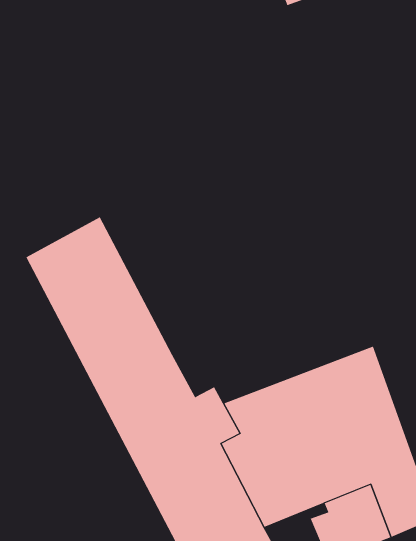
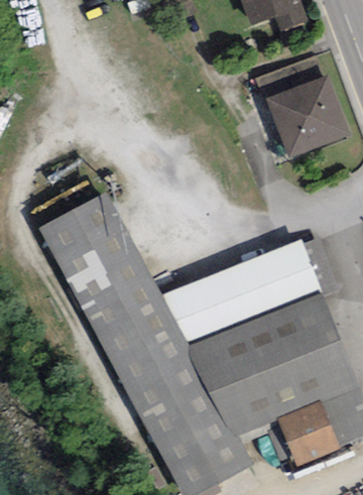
building: none -> [260,58,346,157]
building: none -> [157,240,333,339]

